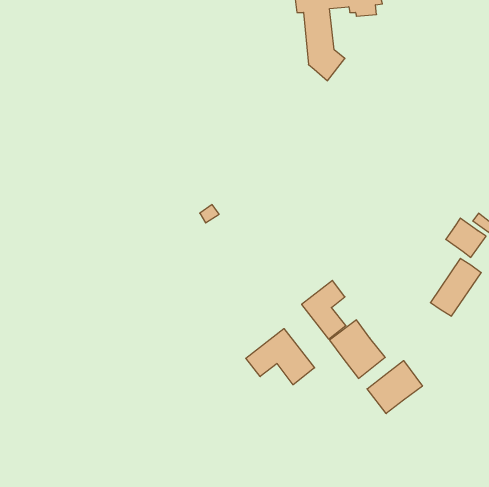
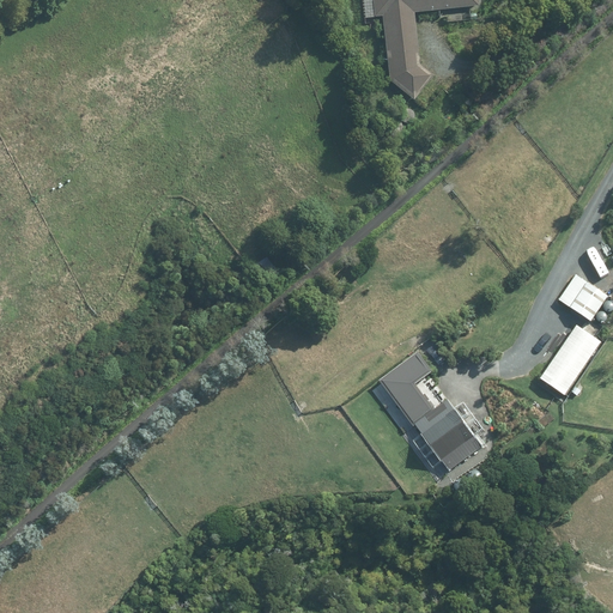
building: [246,329,315,385] -> none
building: [367,361,422,414] -> none

